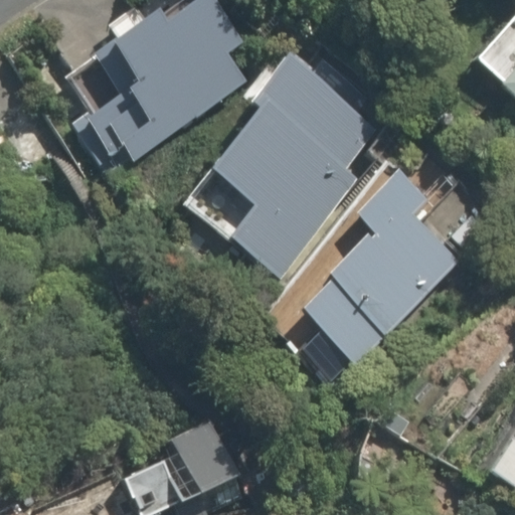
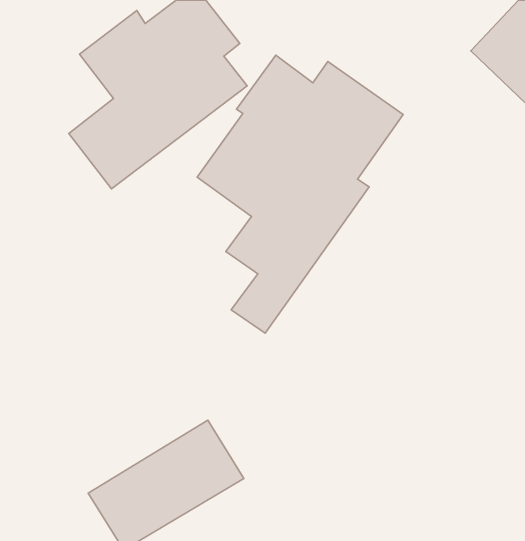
building: [303,168,464,366] -> none

